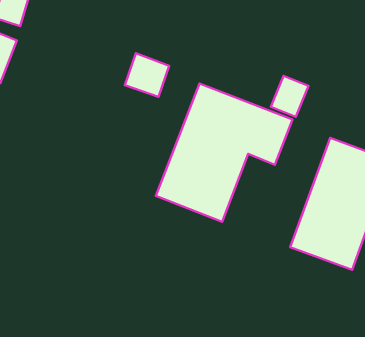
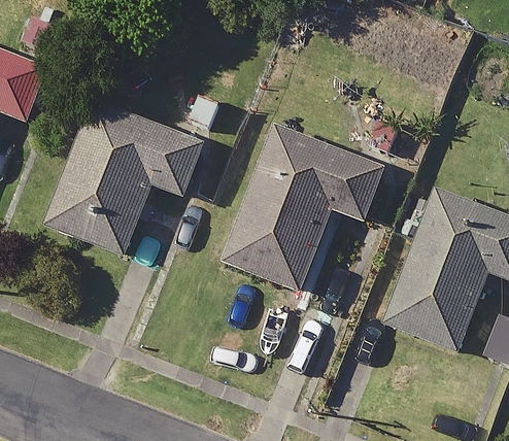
building: none -> [45,99,205,256]

